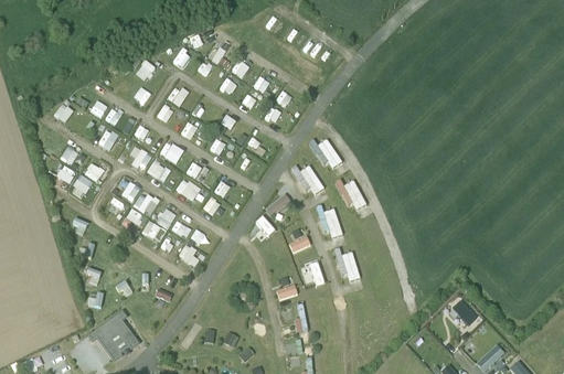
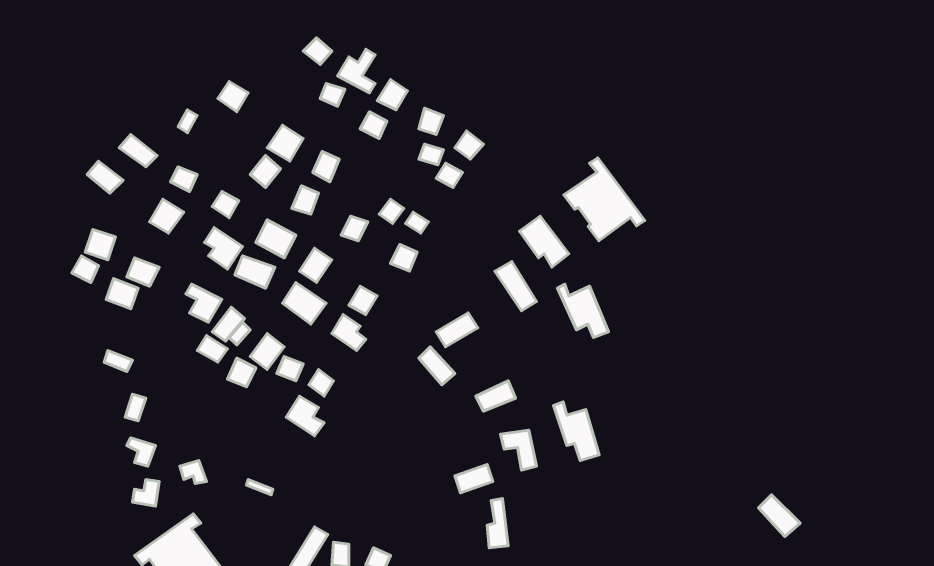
building: none -> [564,158,645,241]
building: [316,205,342,238] -> none

